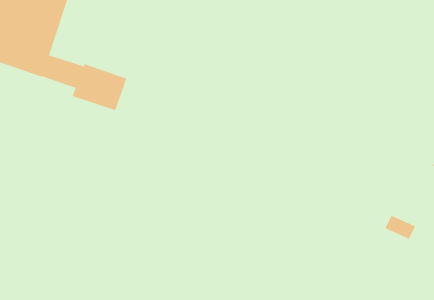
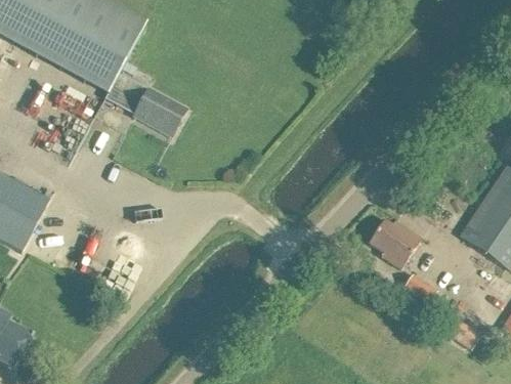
building: none -> [369,218,421,267]

